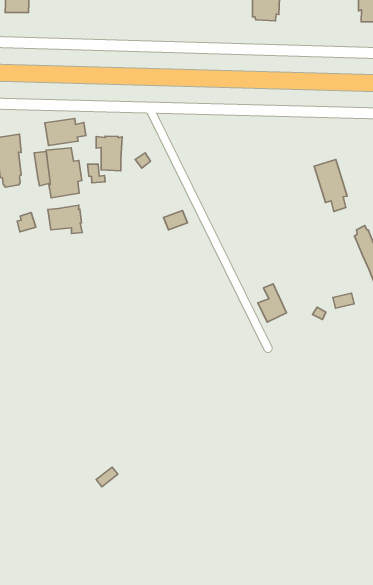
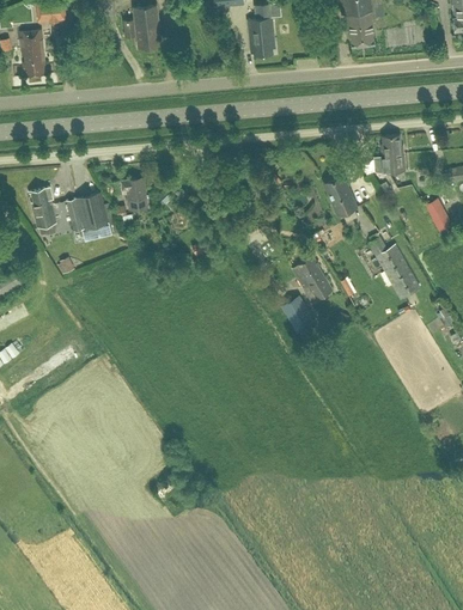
building: [45,119,86,146] -> none
building: [48,205,82,234] -> none
building: none -> [291,255,331,301]

